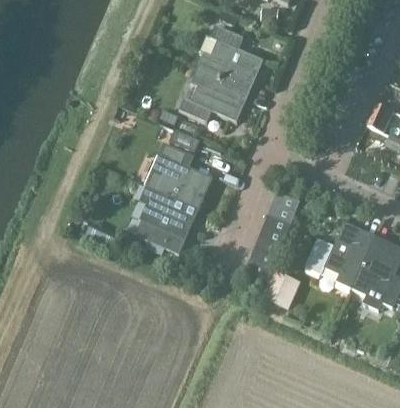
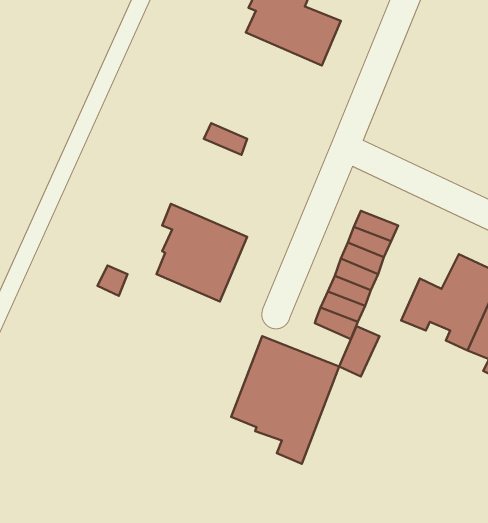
building: [179,66,250,121] -> none
building: [145,142,212,208] -> none
building: none -> [231,336,339,464]

